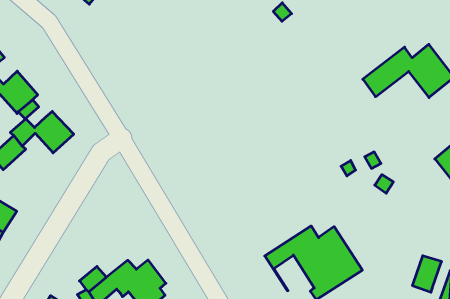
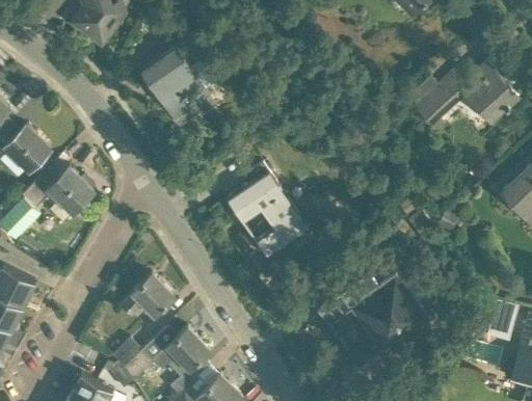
building: none -> [140,49,210,128]
building: none -> [227,164,308,258]
building: none -> [121,274,174,318]

